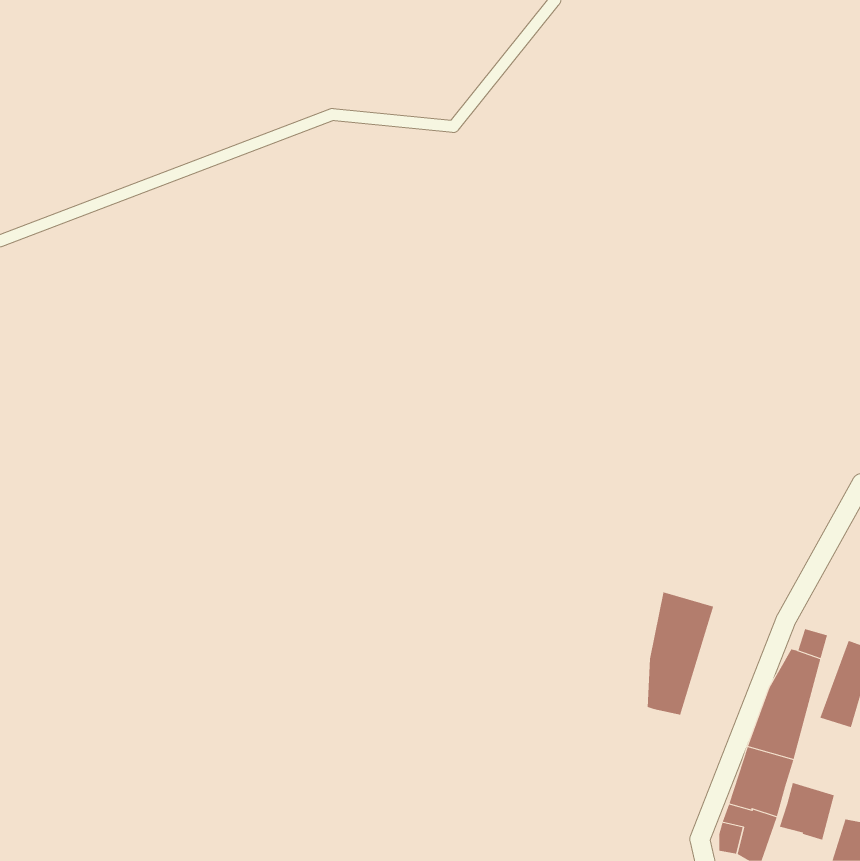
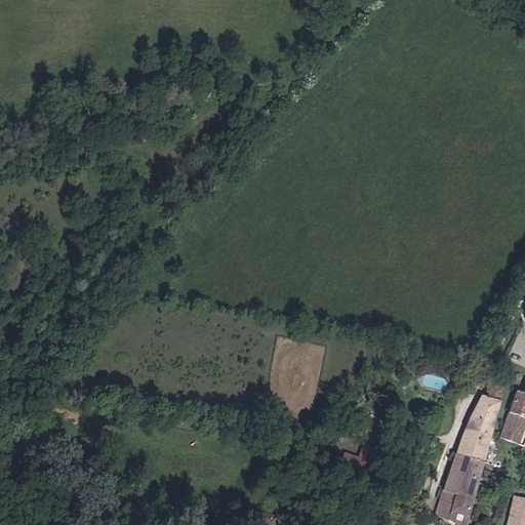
building: [647,592,714,715] -> none
building: [779,782,835,841] -> none

